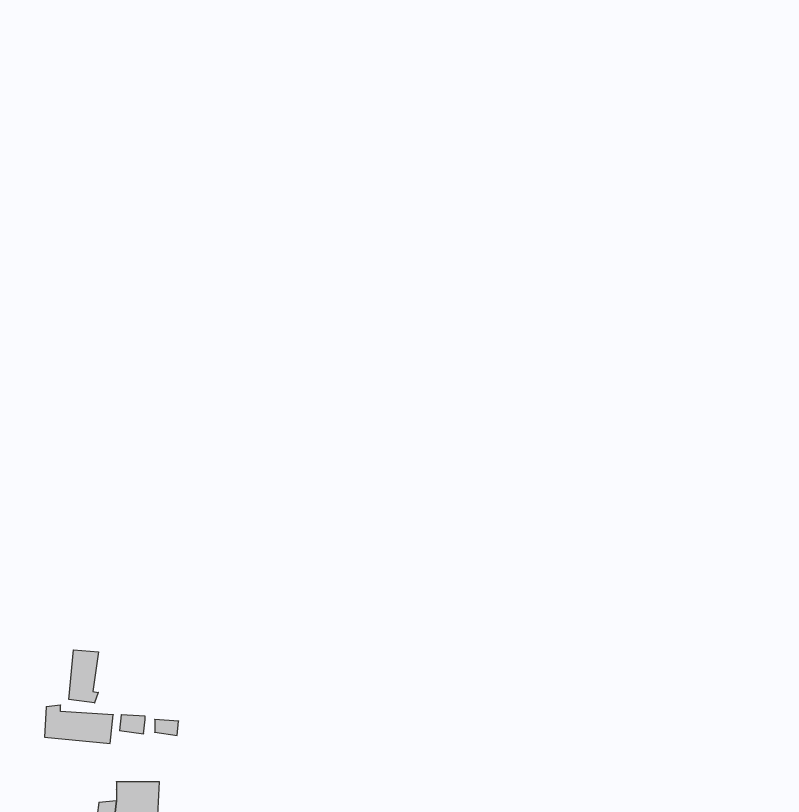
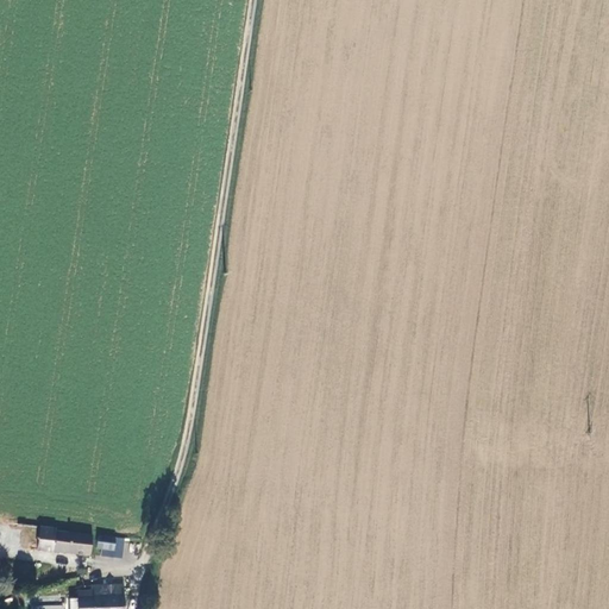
building: [69,650,98,703] -> none

